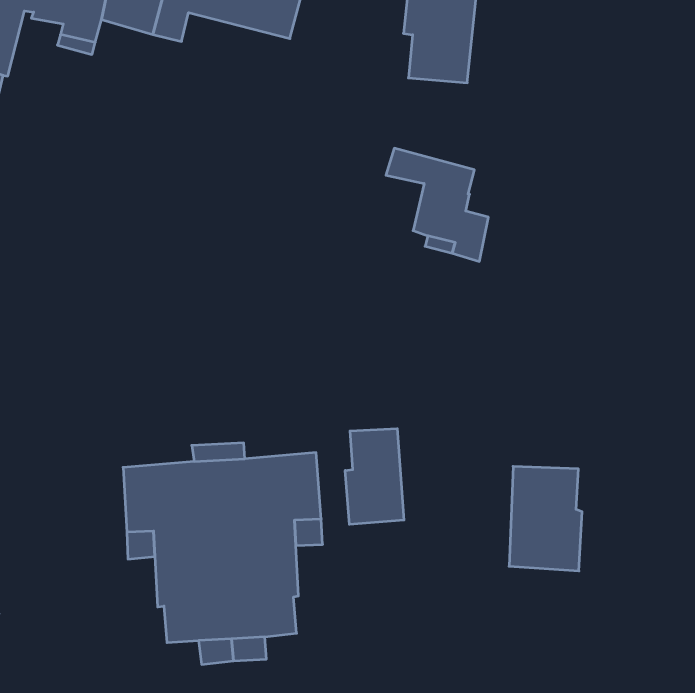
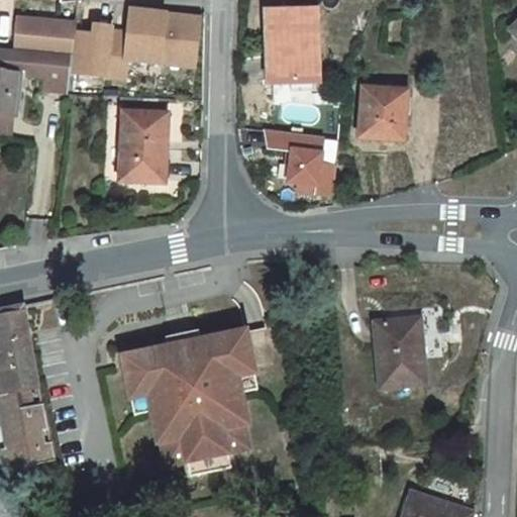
building: none -> [118,110,167,182]
building: none -> [358,85,408,139]
building: [345,429,404,524] -> none

